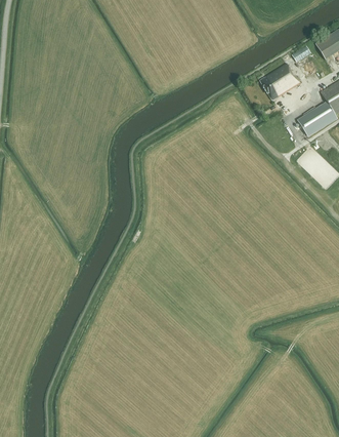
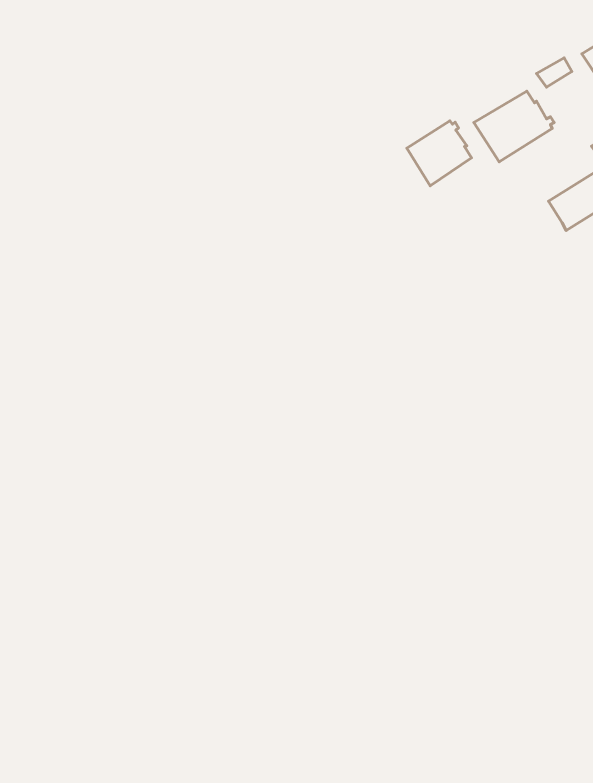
building: none -> [407,121,472,186]

